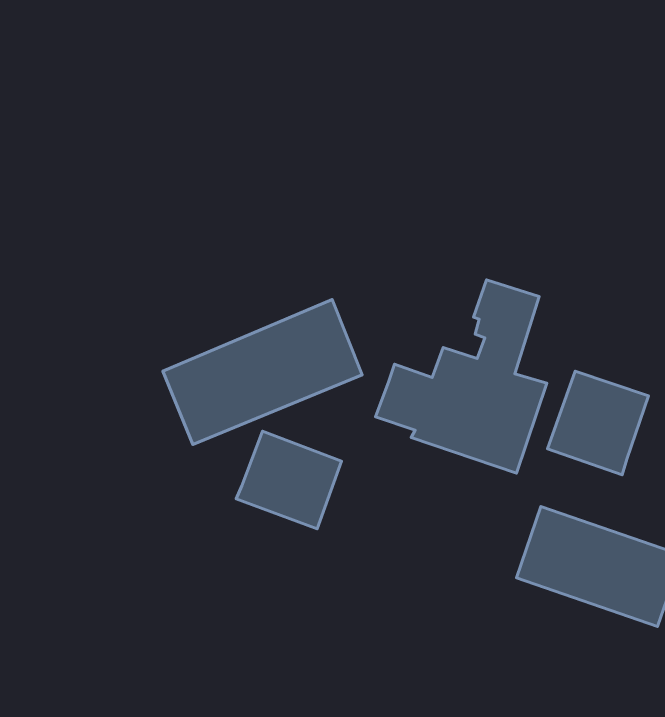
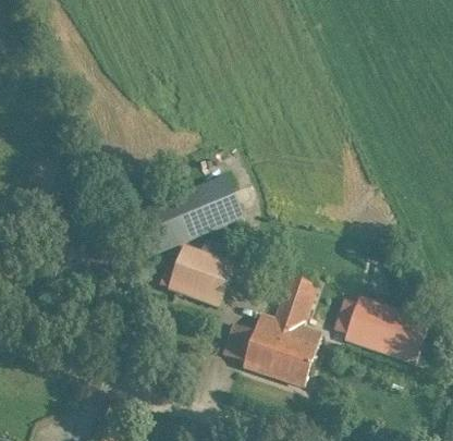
building: [376,280,547,473] -> [222,274,321,387]
building: [547,371,649,475] -> none

